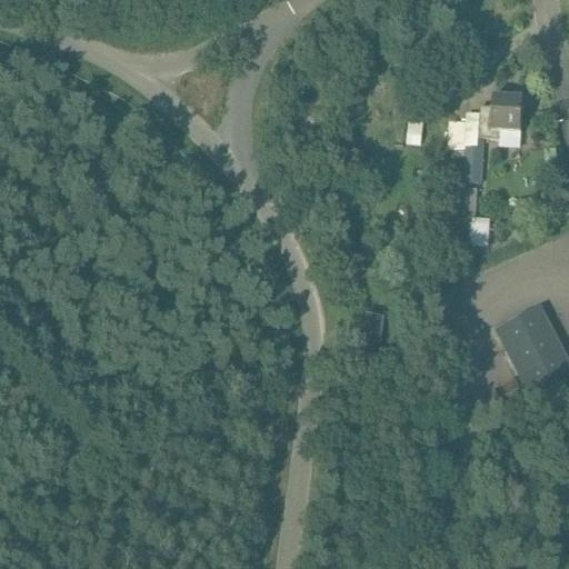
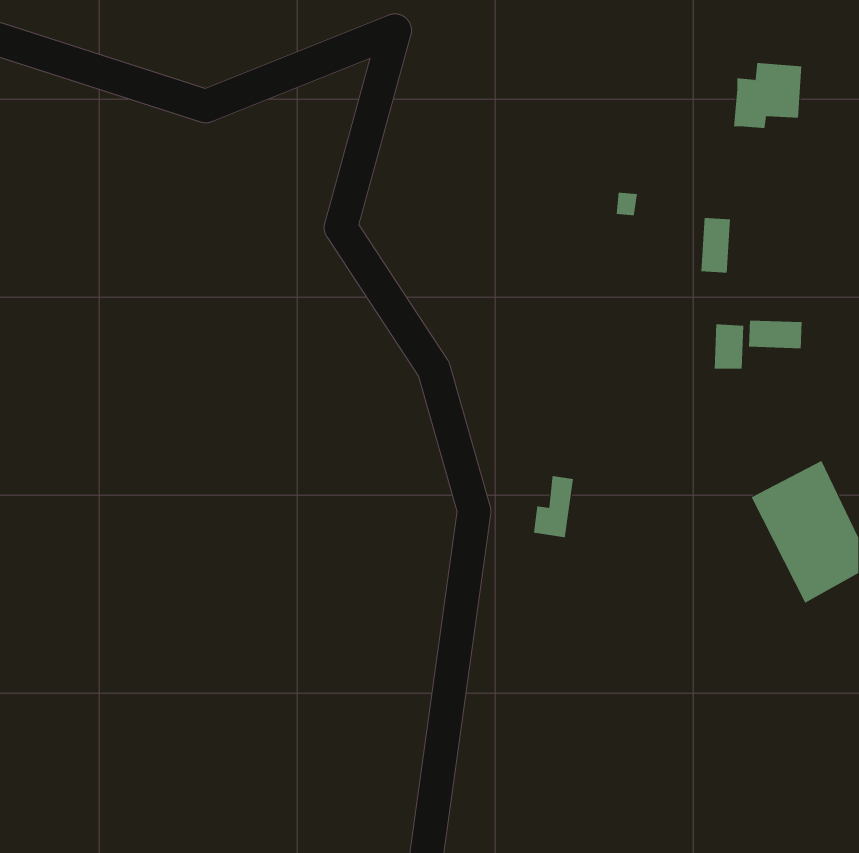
building: [476,93,521,137] -> [733,63,802,128]
building: none -> [749,320,802,349]

